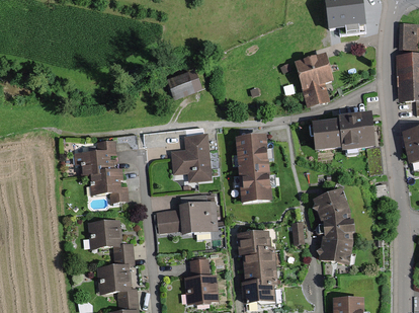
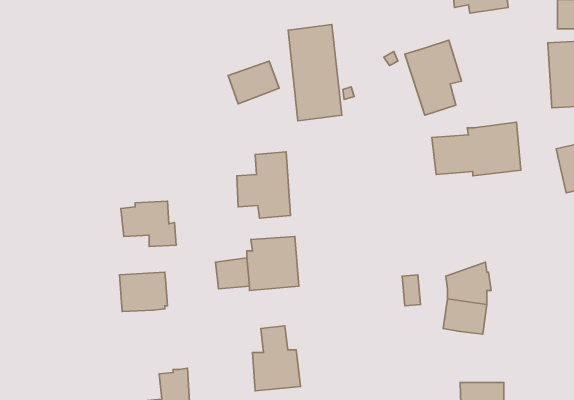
building: [235,135,273,204] -> [288,25,342,121]
building: [76,142,116,174] -> none
building: [315,189,351,223] -> none
building: [238,231,277,304] -> none
building: [98,243,135,294] -> none

